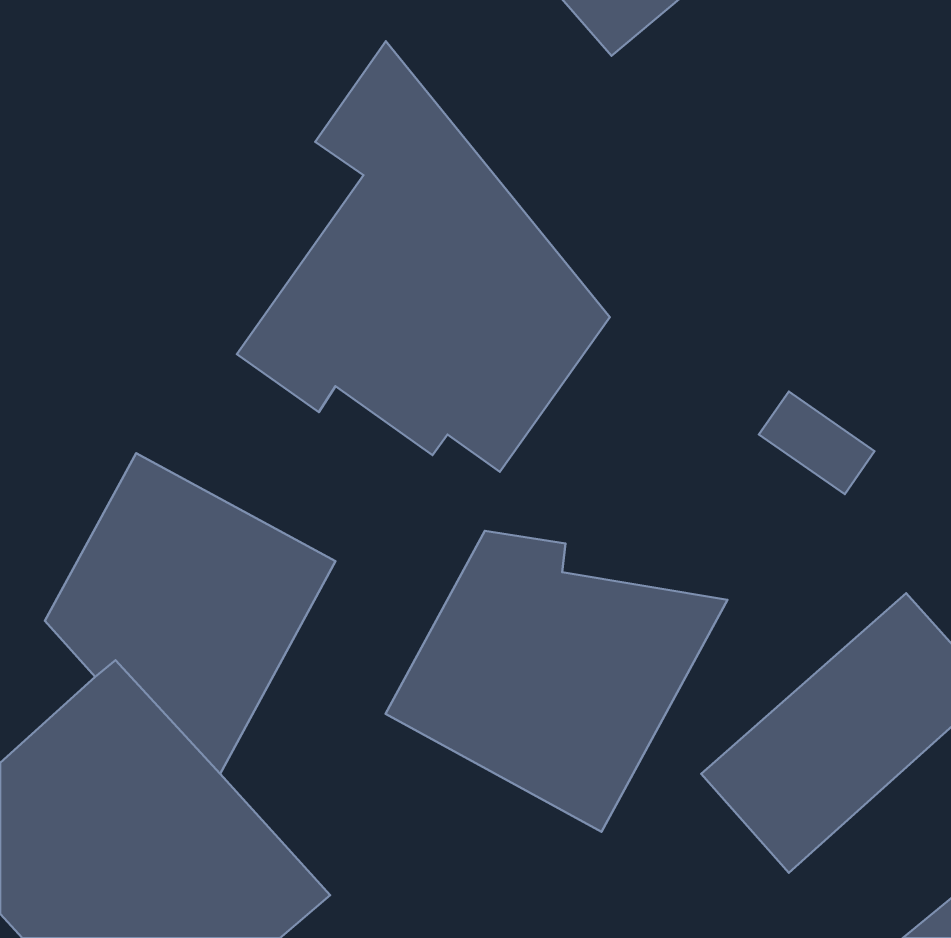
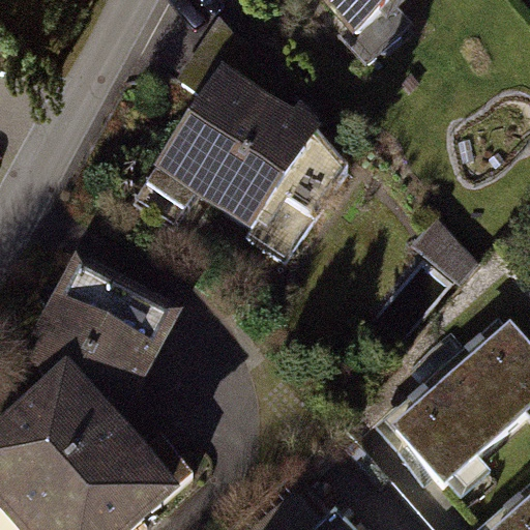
building: [385,531,728,832] -> none

